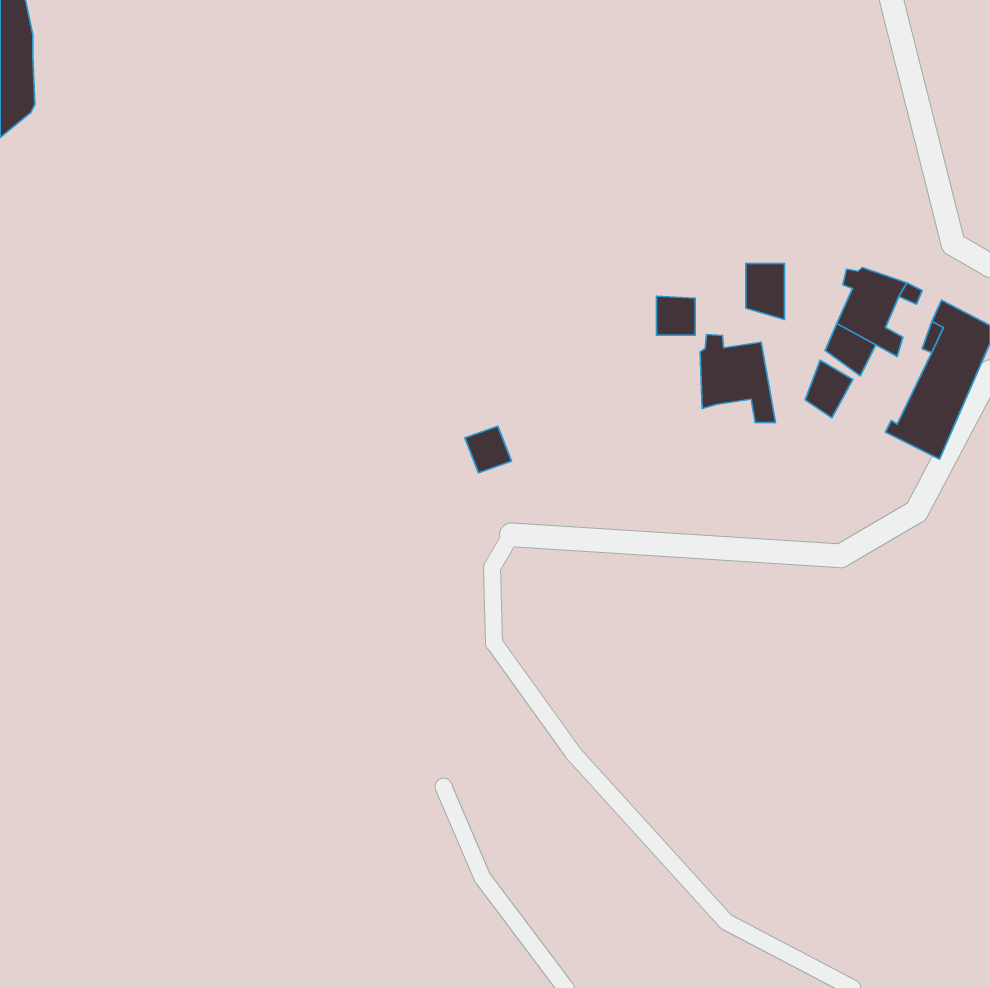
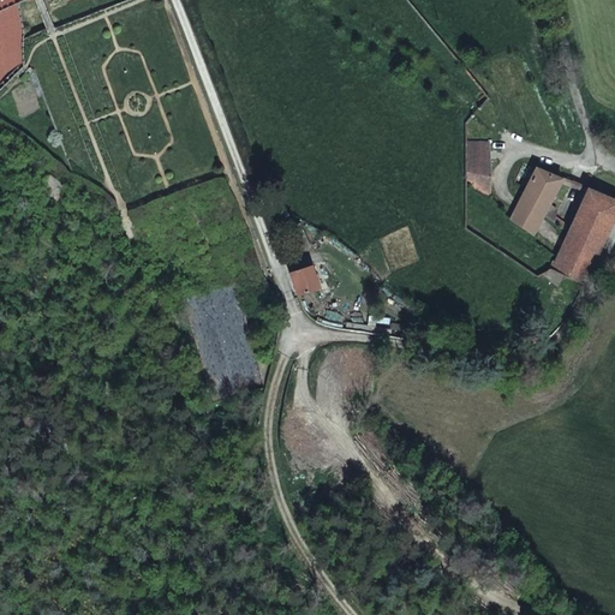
building: [656,296,695,335] -> [462,139,486,163]
building: [700,335,775,423] -> none
building: [805,360,853,418] -> none

